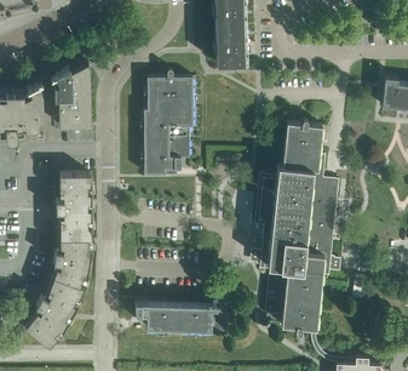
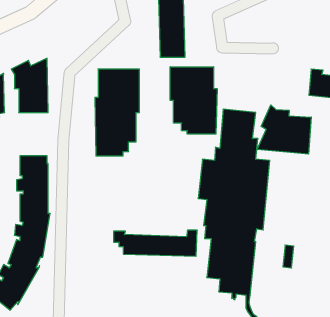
building: none -> [170,67,217,134]
building: none -> [257,105,311,154]
building: [134,303,228,332] -> [114,230,197,256]

